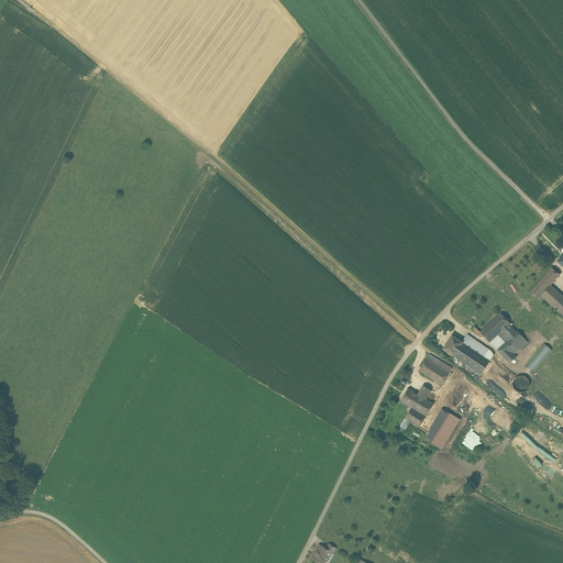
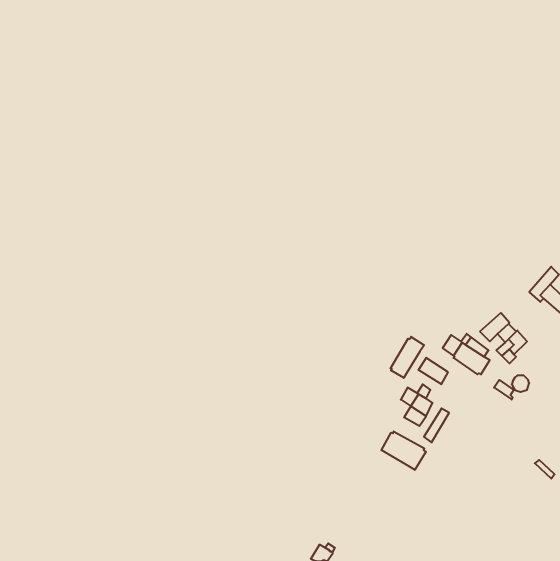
building: none -> [390,337,424,378]
building: none -> [381,431,426,470]

